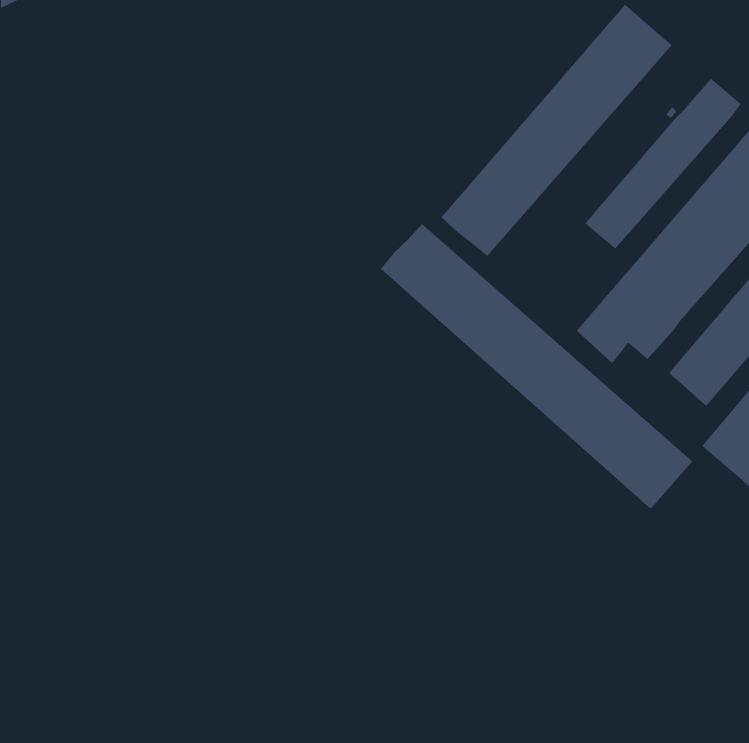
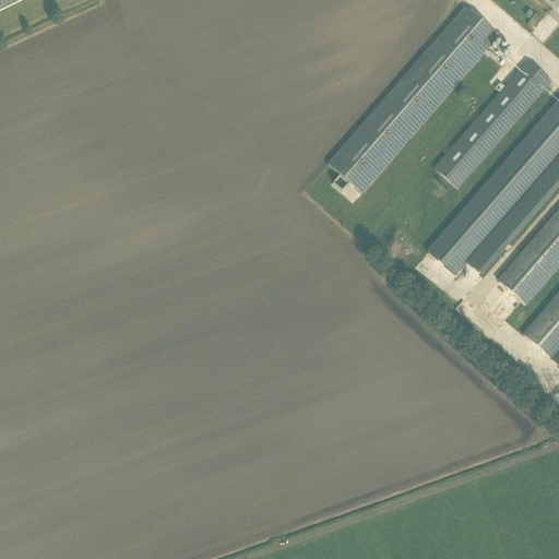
building: [380,223,693,509] -> none

